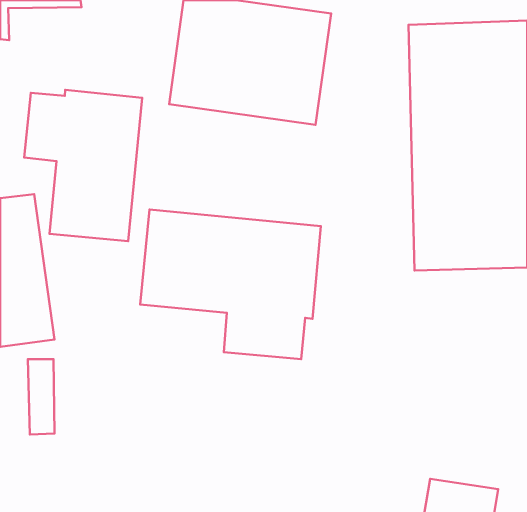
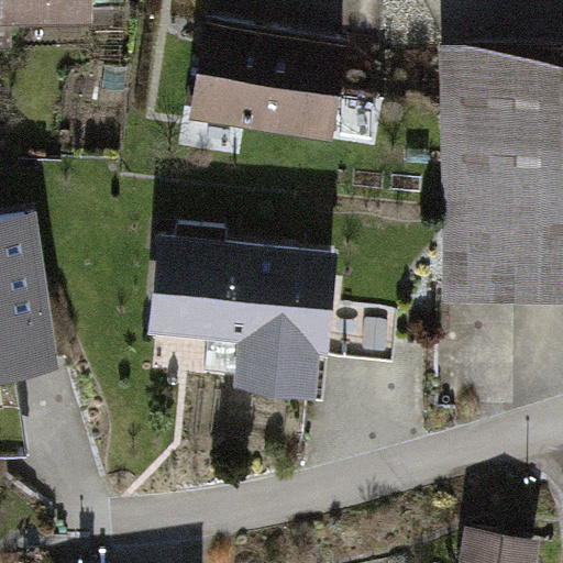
building: [24,90,142,241] -> none

